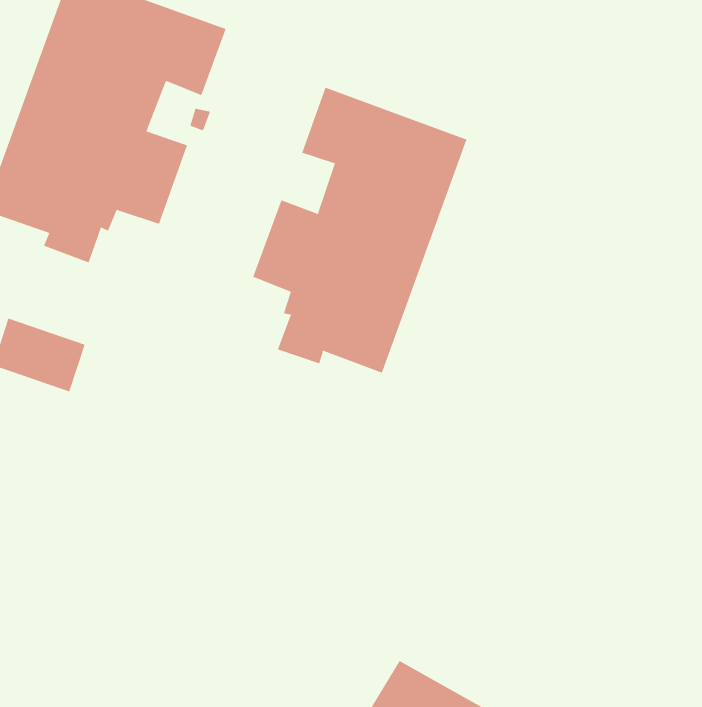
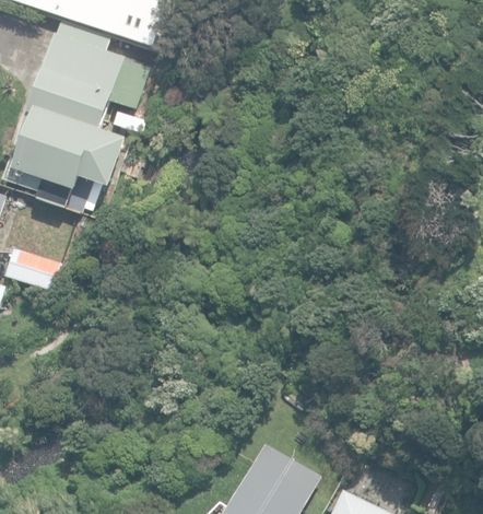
building: [252,87,467,374] -> none

